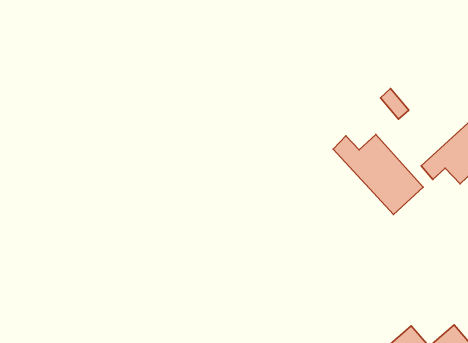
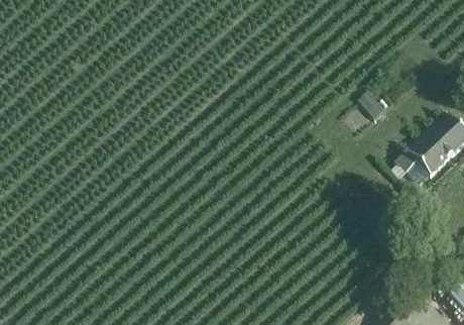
building: [333,135,423,215] -> none

